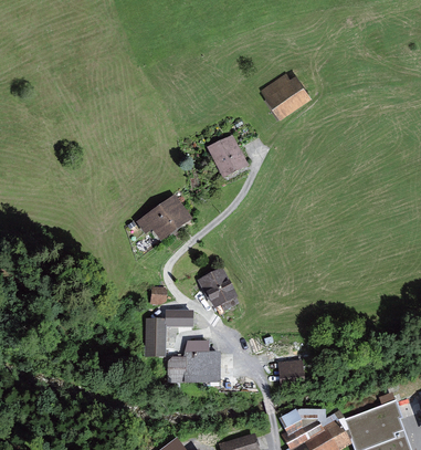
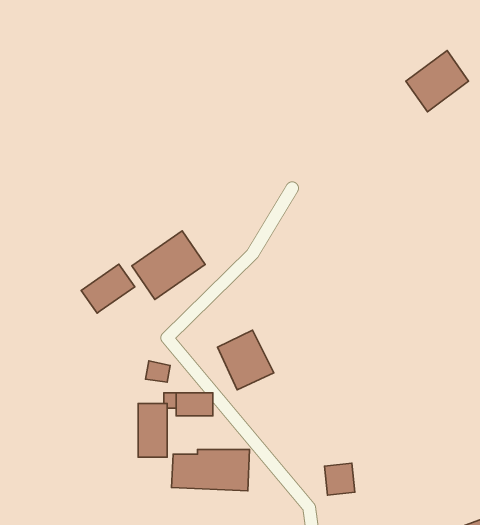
building: [269,72,314,116] -> [406,51,469,112]
building: [204,130,250,178] -> none
building: none -> [81,264,135,313]

